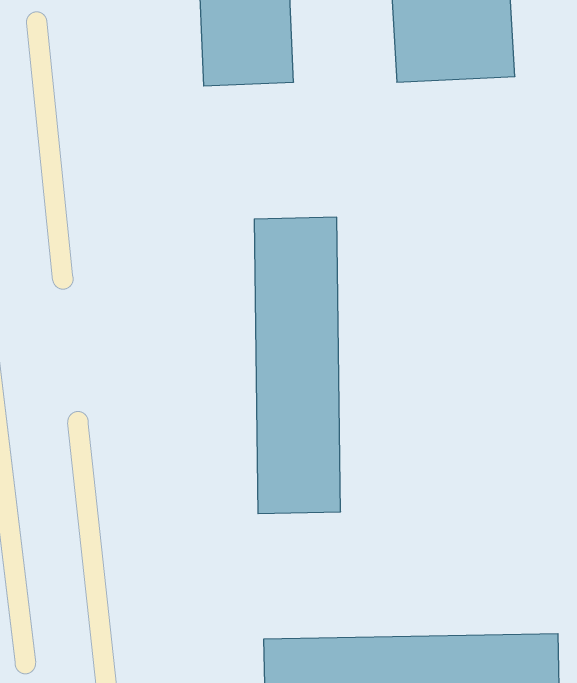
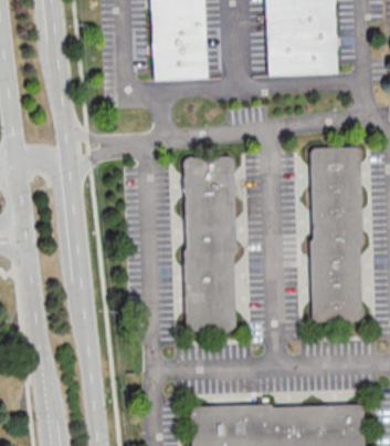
building: none -> [309,147,362,322]

